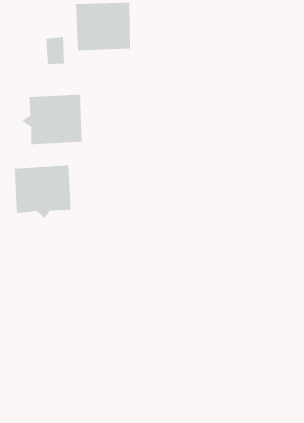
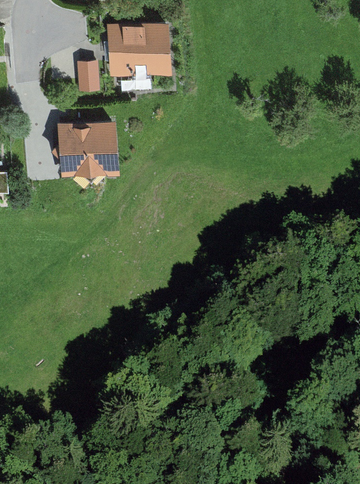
building: [14,165,72,219] -> none

